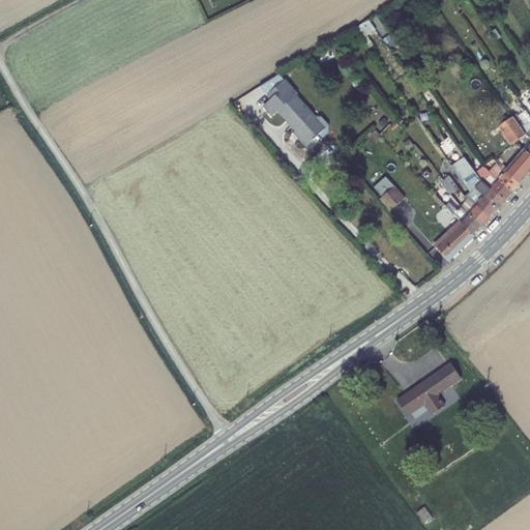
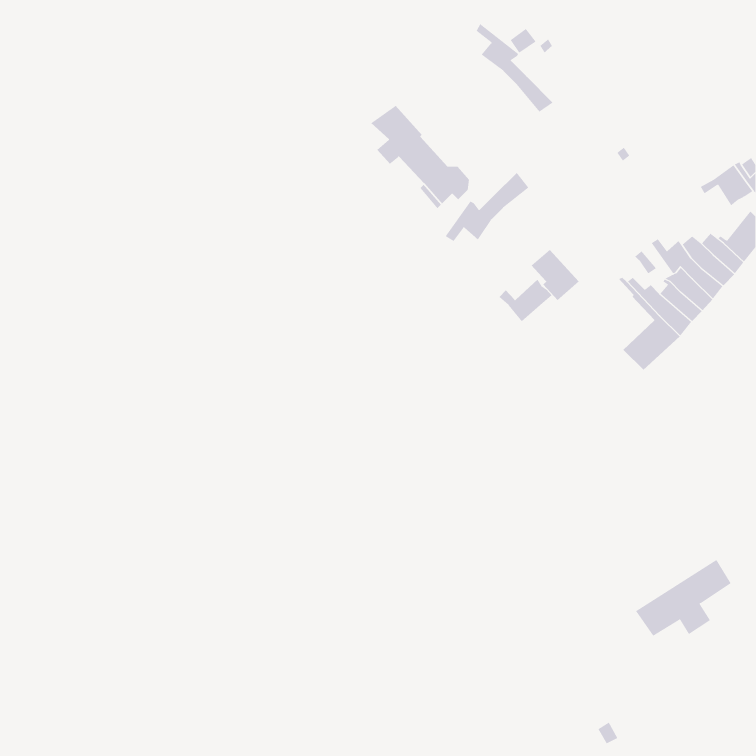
building: none -> [476,23,553,112]
building: none -> [445,172,529,242]
building: none -> [498,279,552,322]
building: [393,361,461,415] -> [635,559,732,636]

